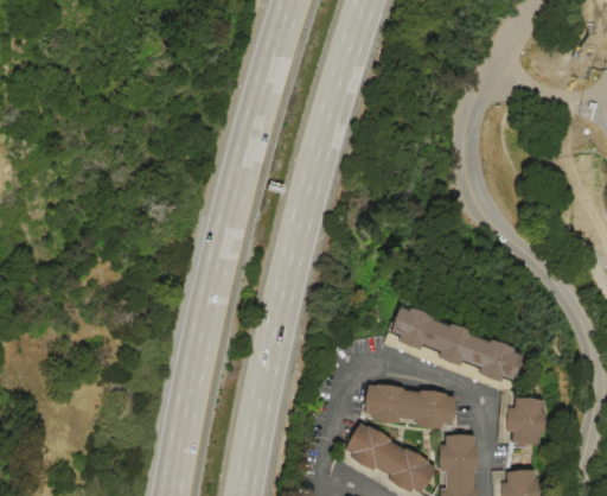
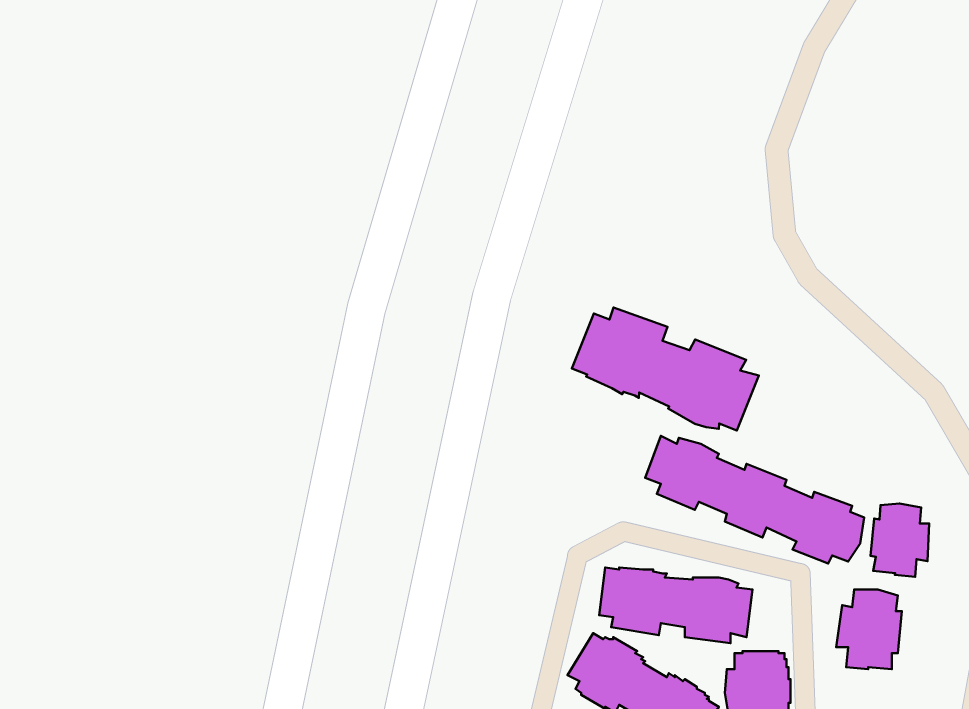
building: none -> [572,308,759,430]
building: none -> [871,503,929,577]

